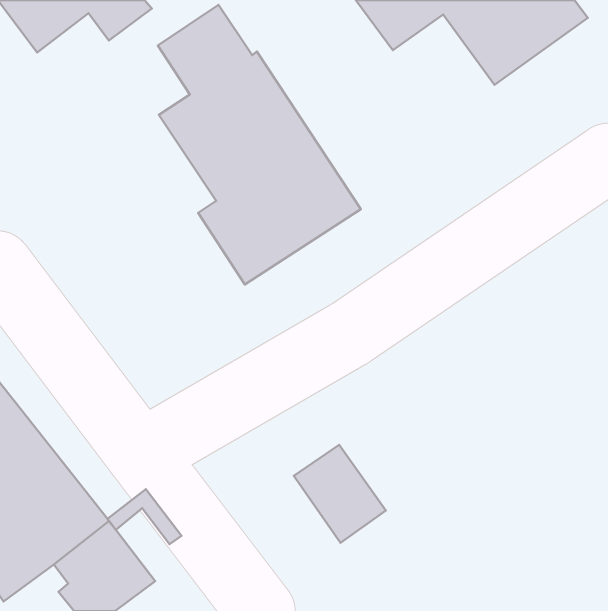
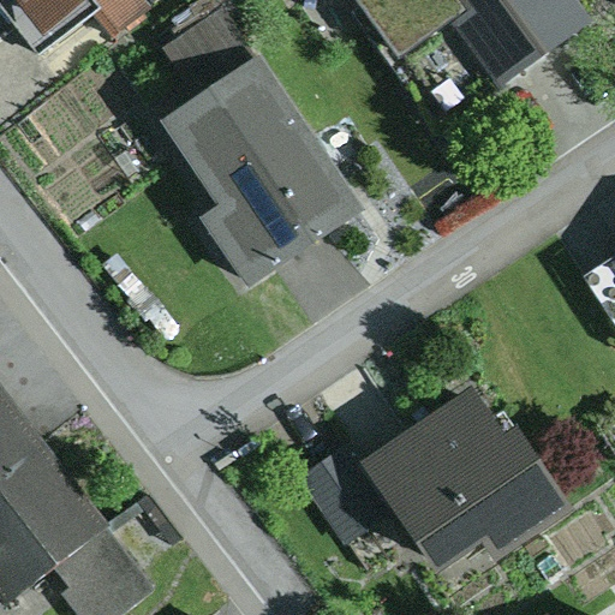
building: none -> [359,382,569,565]

